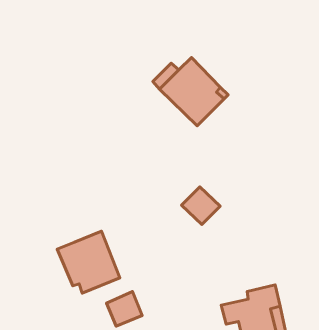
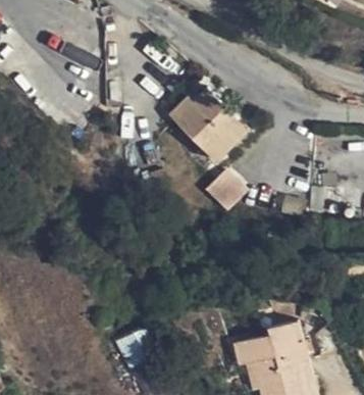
building: [182,187,220,224] -> [204,168,245,208]
building: [57,231,120,293] -> none

